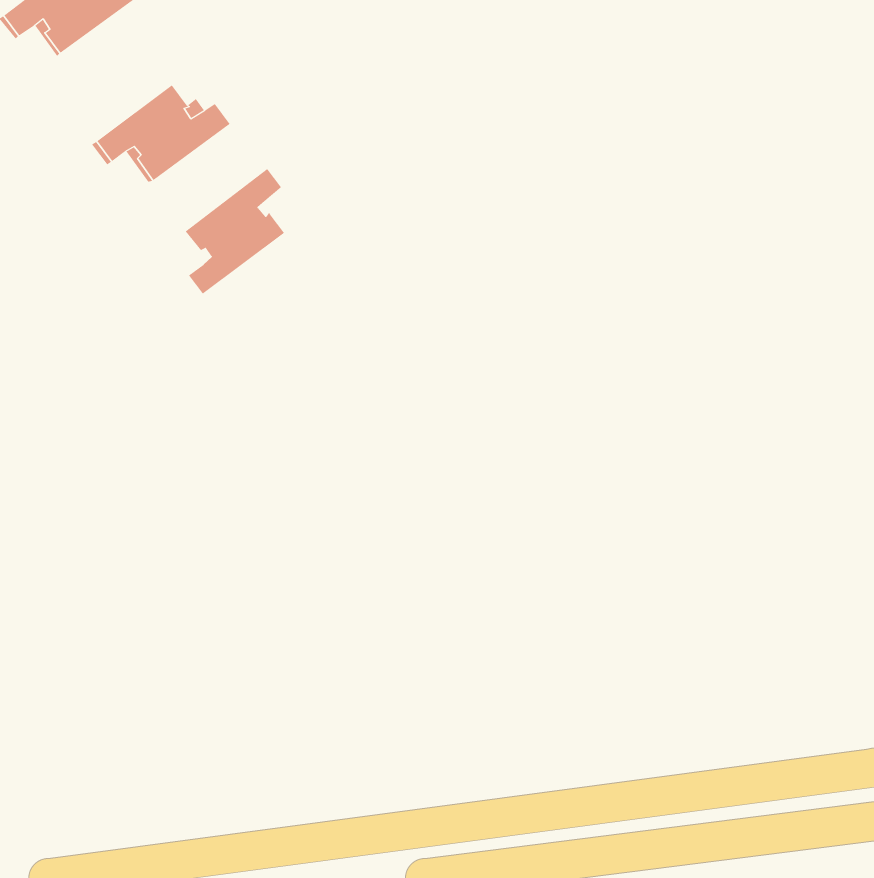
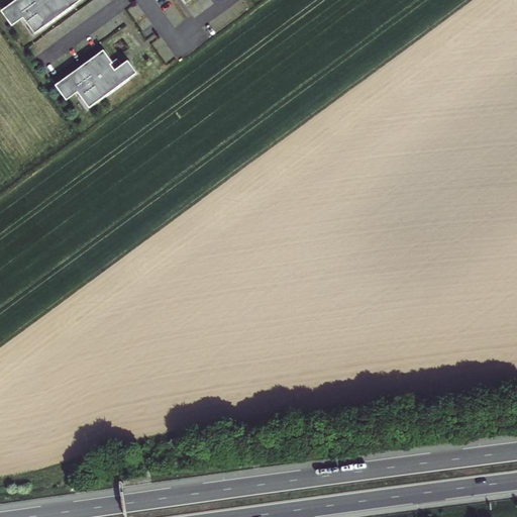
building: [185,168,285,295] -> none

